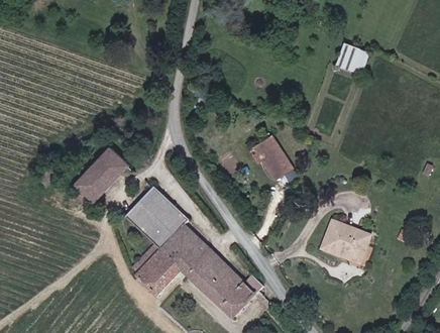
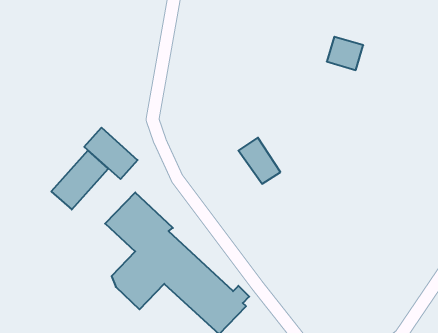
building: none -> [84,128,138,179]
building: [323,223,367,262] -> none

